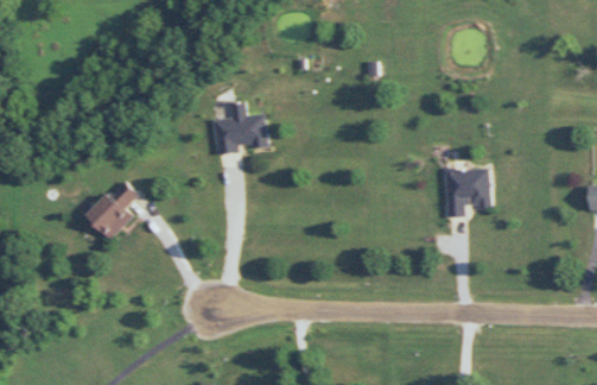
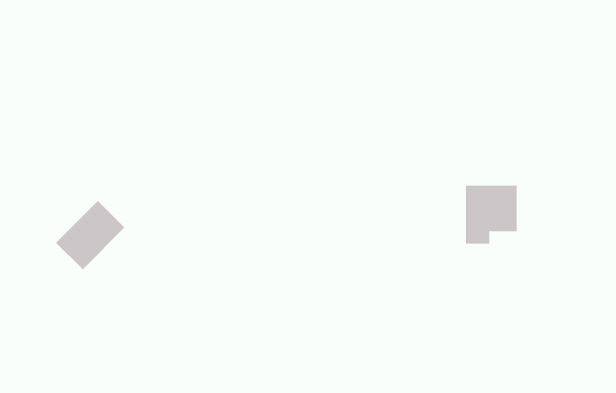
building: [212,100,265,152] -> none

